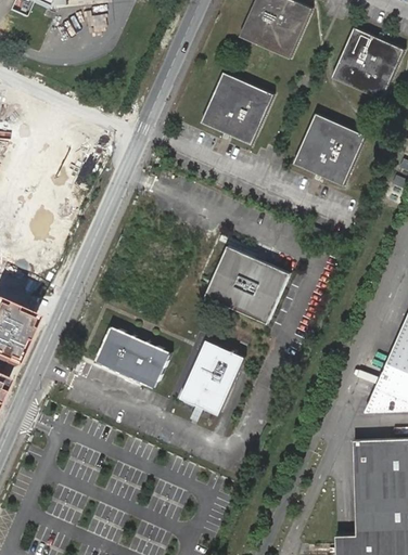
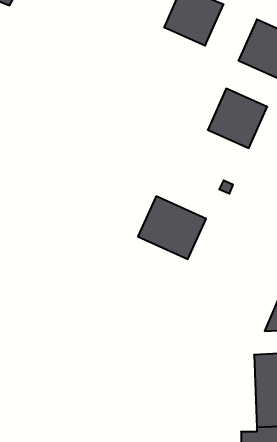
building: [202,70,276,144] -> none
building: [95,324,173,388] -> none
building: [182,339,245,414] -> none

